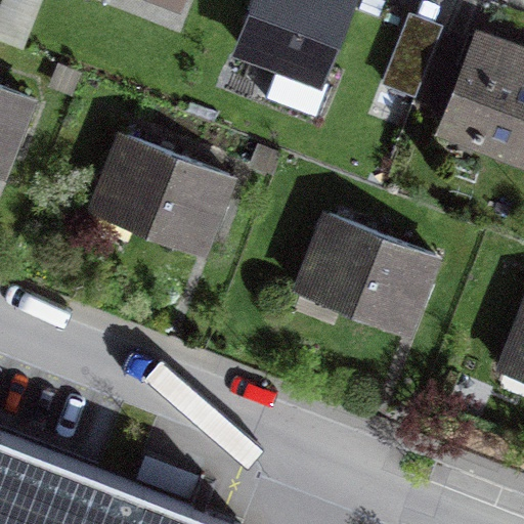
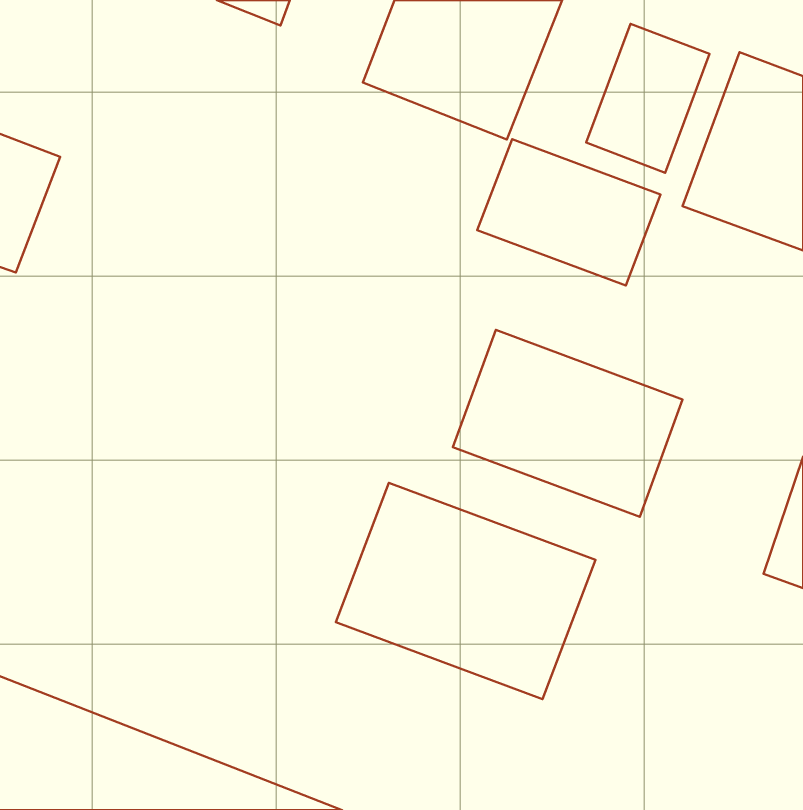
building: none -> [477,139,661,286]
building: [86,133,243,261] -> none
building: none -> [336,483,595,699]

